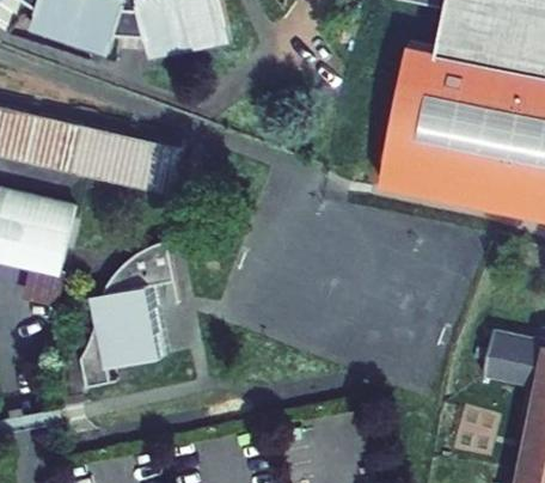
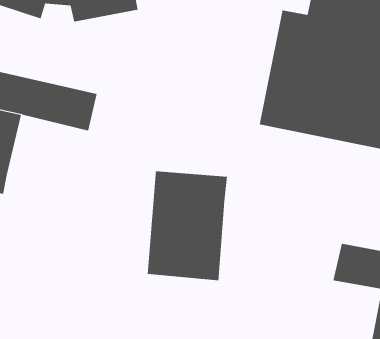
building: [81,239,173,385] -> none
building: none -> [147,171,228,281]

